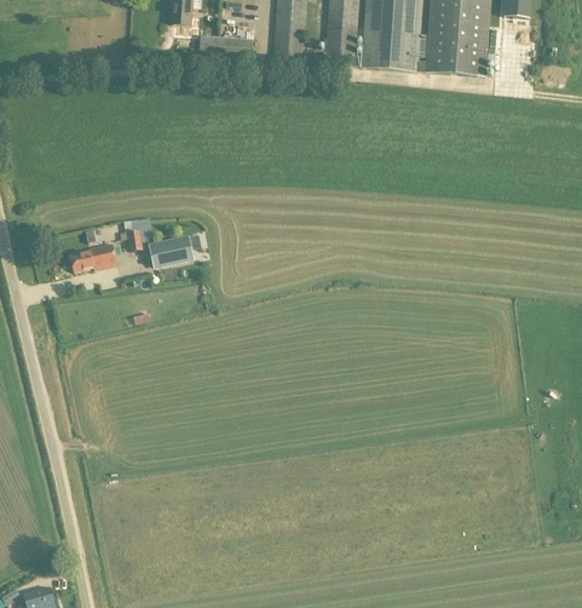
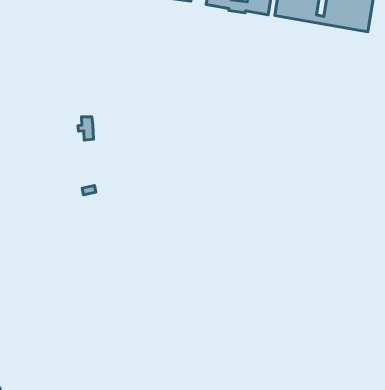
building: [149,235,191,266] -> none
building: [69,242,116,271] -> none

